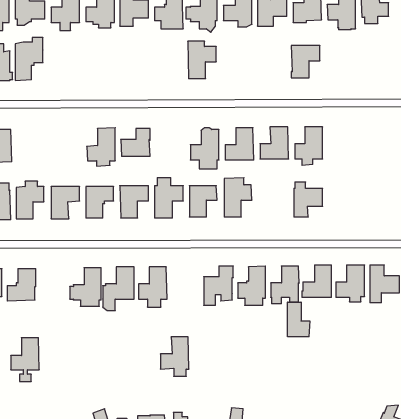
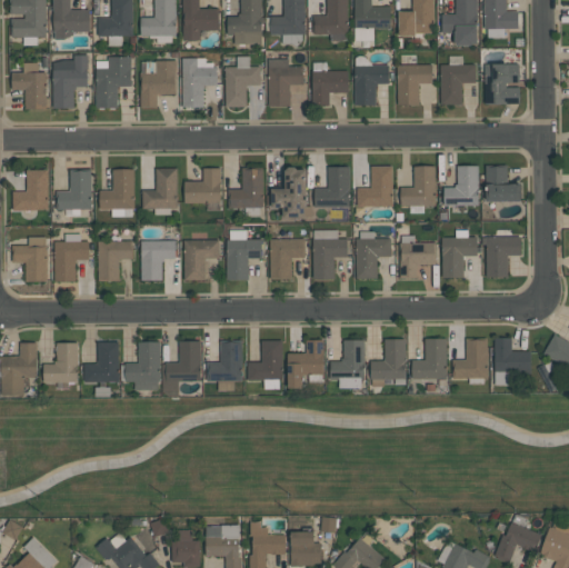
building: none -> [96,56,131,108]
building: none -> [226,56,260,107]
building: none -> [355,56,389,104]
building: none -> [440,56,476,104]
building: none -> [182,58,217,106]
building: none -> [140,60,177,107]
building: none -> [485,63,520,103]
building: none -> [312,71,348,104]
building: none -> [486,165,520,200]
building: none -> [443,166,478,205]
building: none -> [228,167,263,215]
building: none -> [56,169,91,209]
building: none -> [100,169,134,209]
building: none -> [441,229,477,277]
building: none -> [357,231,391,278]
building: none -> [486,236,521,277]
building: [288,302,310,337] -> none
building: [160,337,189,376] -> [248,340,283,389]
building: [11,338,39,381] -> [84,341,120,396]

